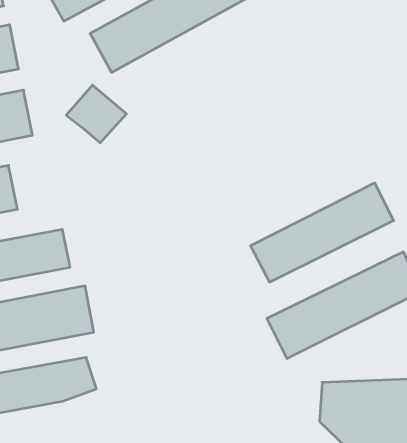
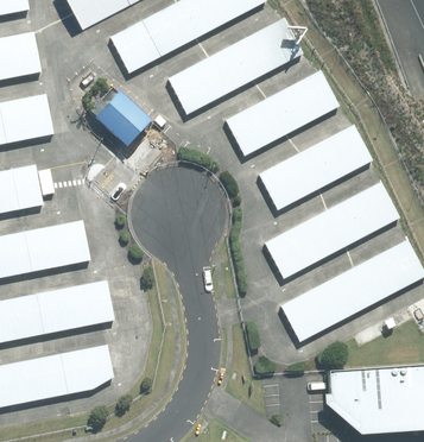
building: none -> [169,19,303,118]
building: none -> [223,72,341,159]
building: none -> [255,124,371,210]

